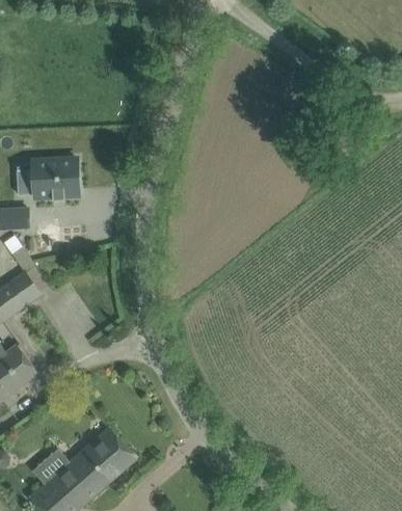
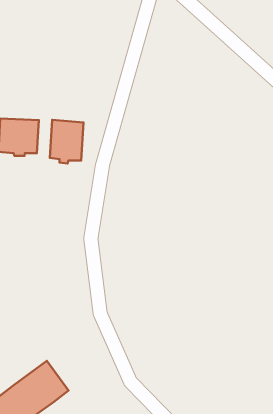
building: none -> [50,120,83,164]

